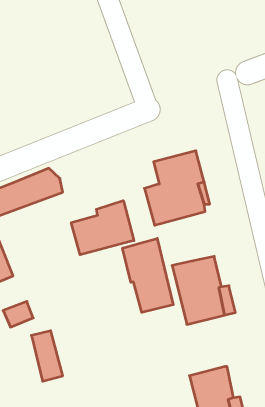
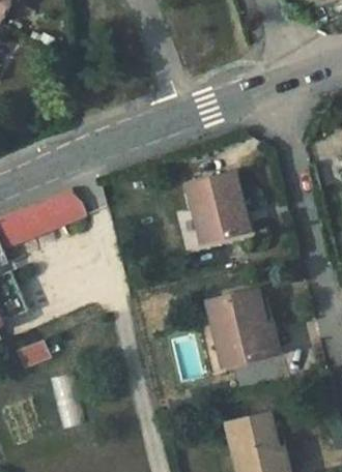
building: [71,201,134,255] -> none
building: [123,238,173,312] -> none

